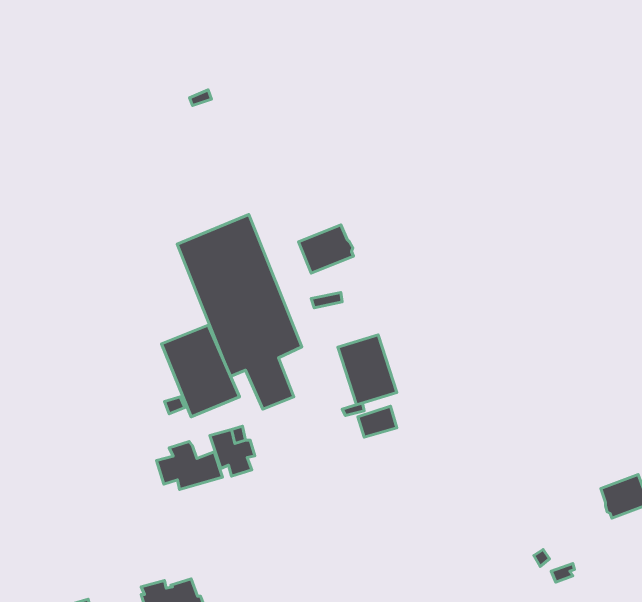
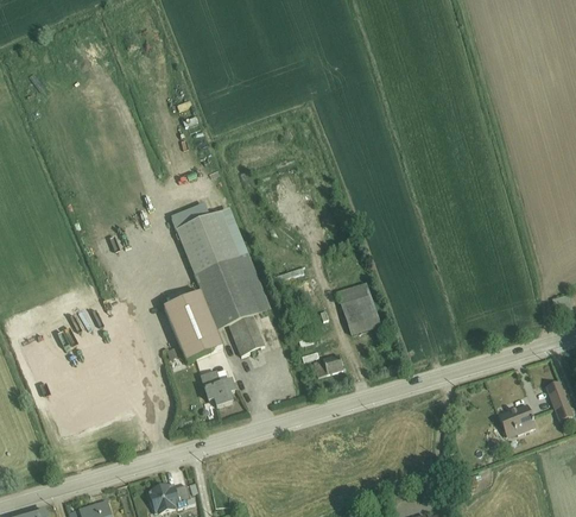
building: [298,225,354,273] -> none
building: [338,335,397,405] -> [335,280,380,334]
building: [156,441,222,489] -> none

